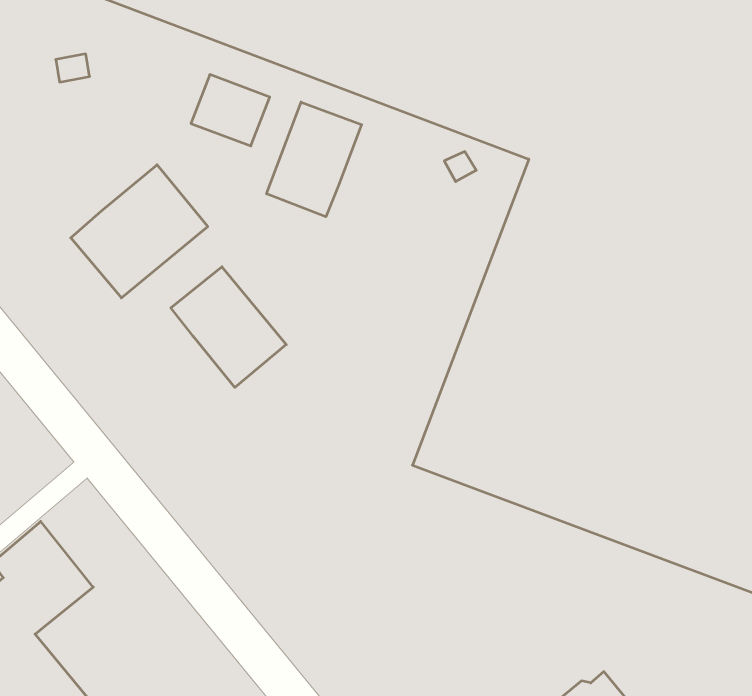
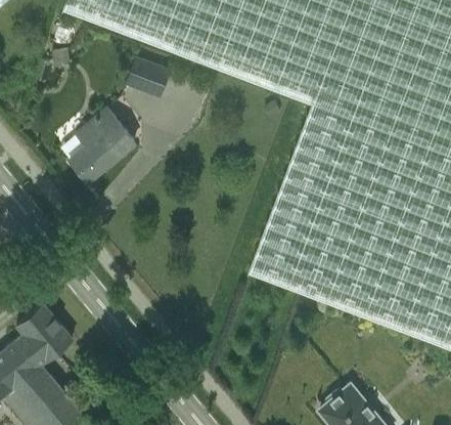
building: [267,102,362,217] -> none
building: [171,267,286,387] -> none

